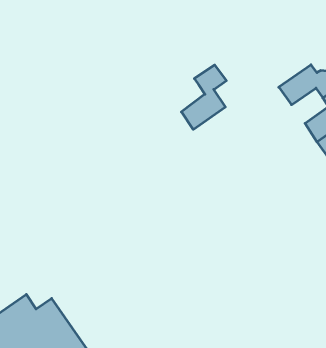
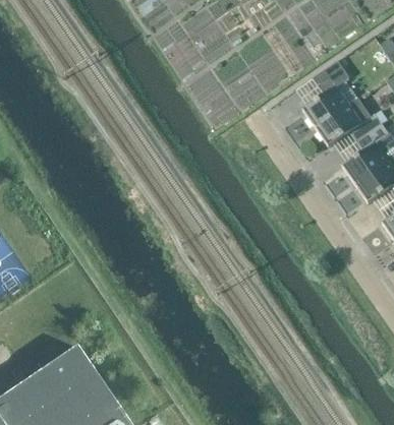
building: [181,65,226,129] -> [302,61,349,128]

